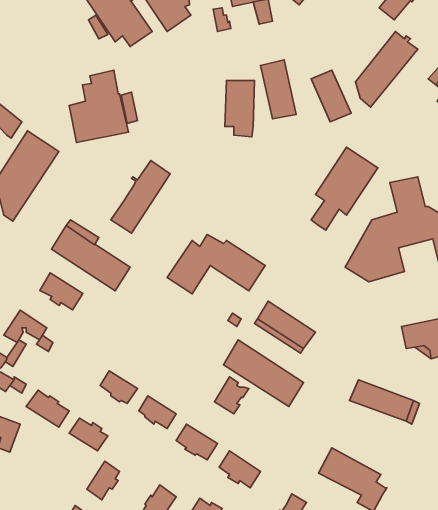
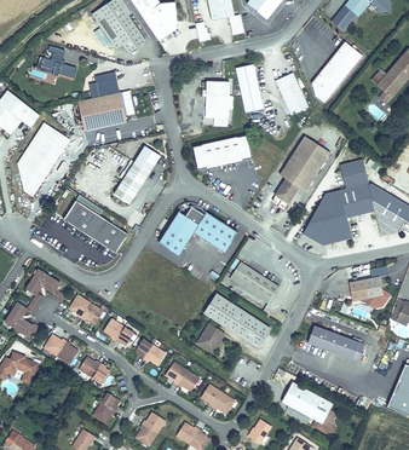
building: none -> [38,45,76,79]
building: none -> [192,134,252,169]
building: [40,273,83,310] -> [69,294,104,324]

